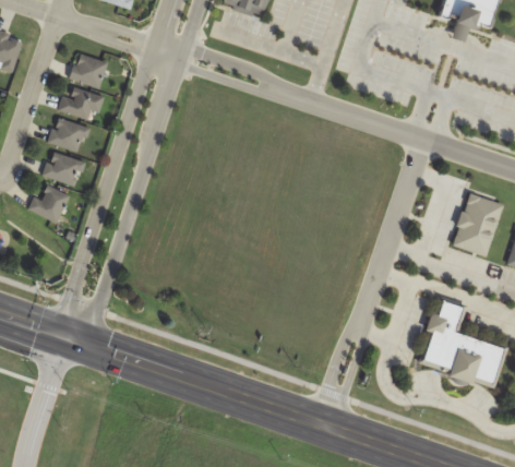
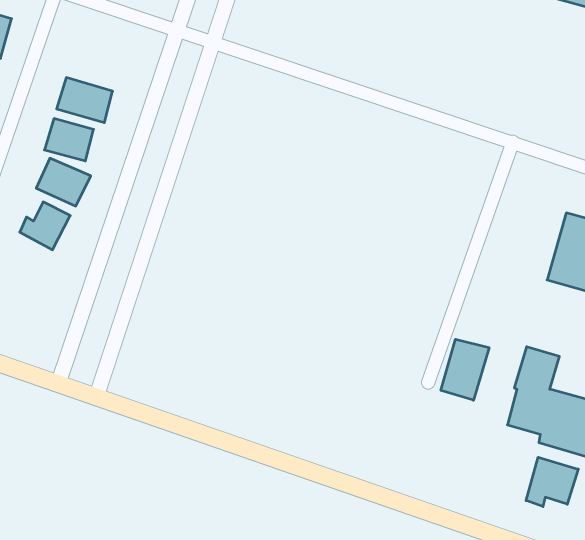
building: [69,51,109,89] -> none
building: none -> [441,339,489,400]
building: none -> [526,457,578,507]

